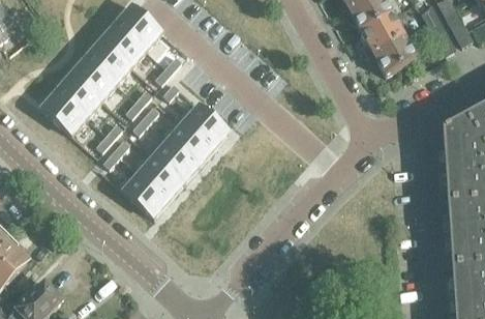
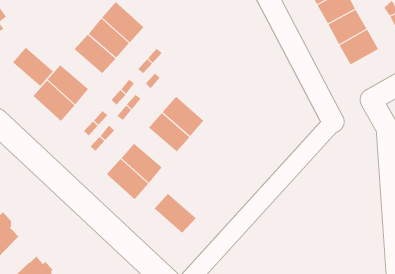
building: [71,56,117,99] -> [12,47,54,87]
building: [151,141,198,184] -> [154,193,197,233]

